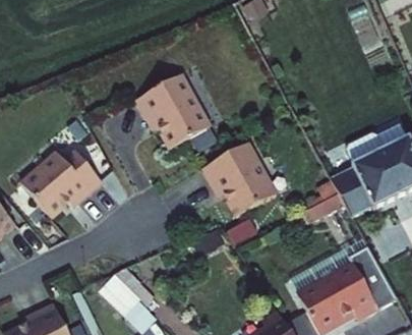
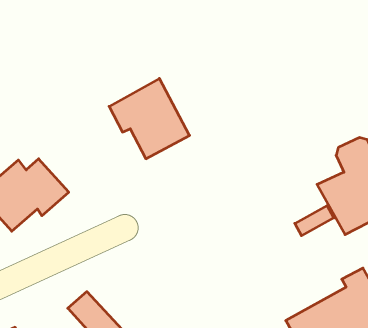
building: [202,143,277,216] -> none

